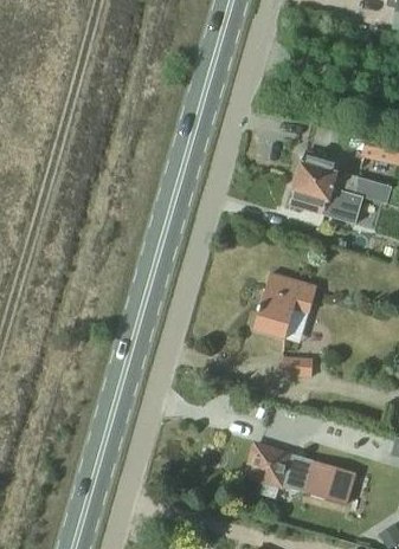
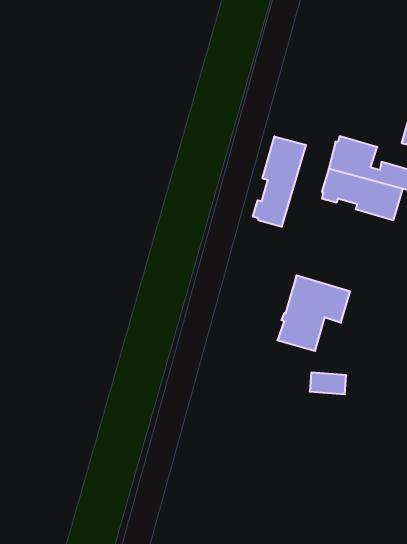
building: none -> [253,136,306,227]
building: [245,444,355,500] -> none

